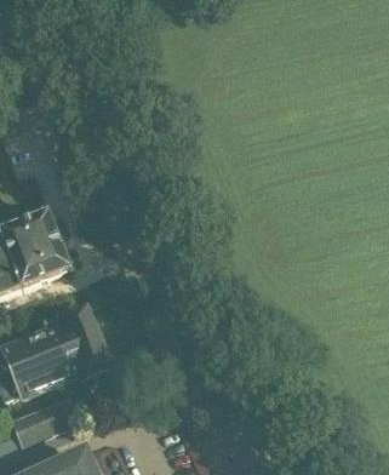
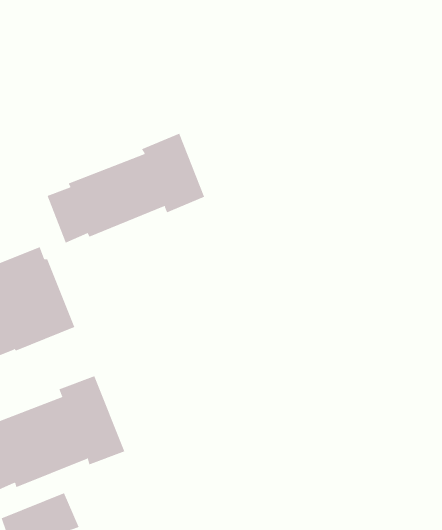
building: none -> [47,133,205,243]

